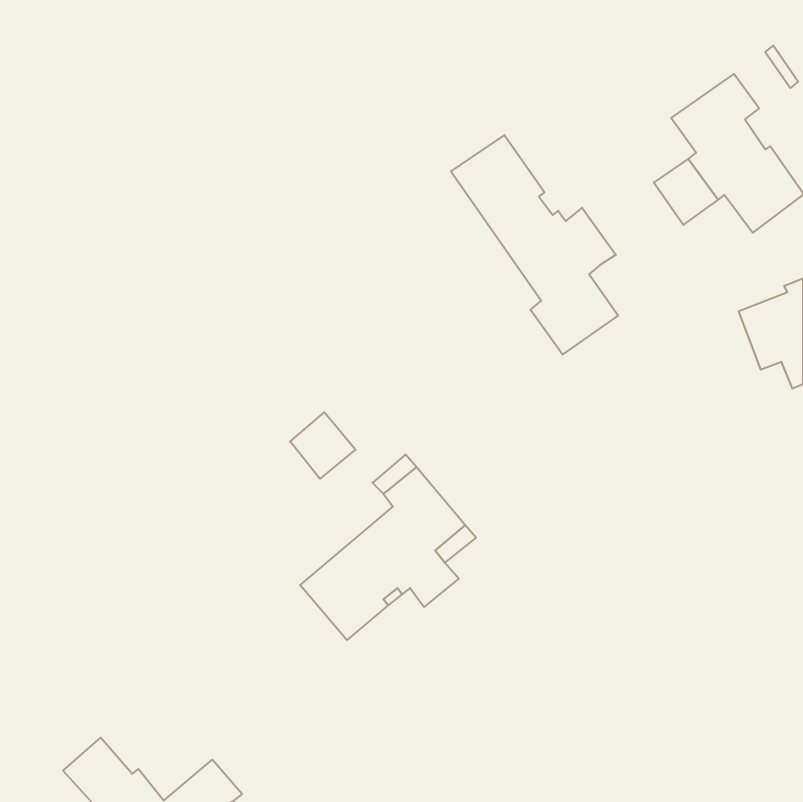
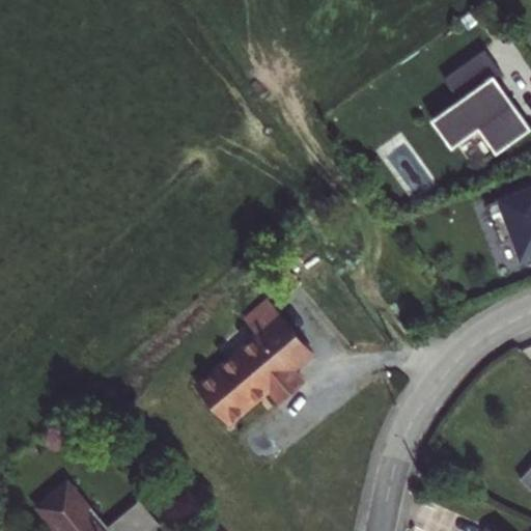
building: [451,135,618,355] -> none
building: [290,412,356,479] -> none

